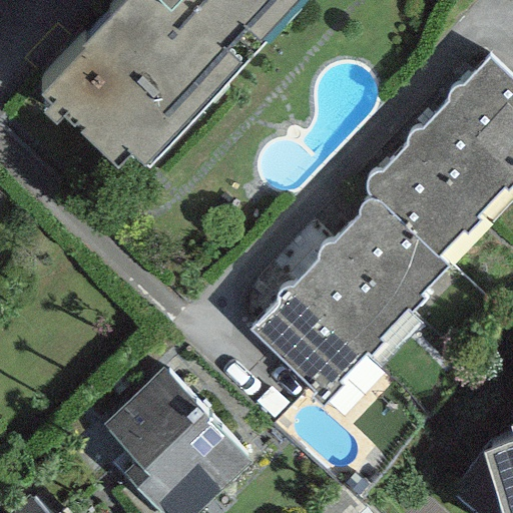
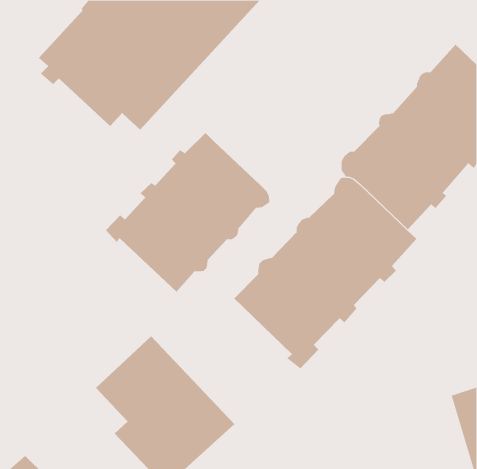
building: none -> [105,132,270,292]

